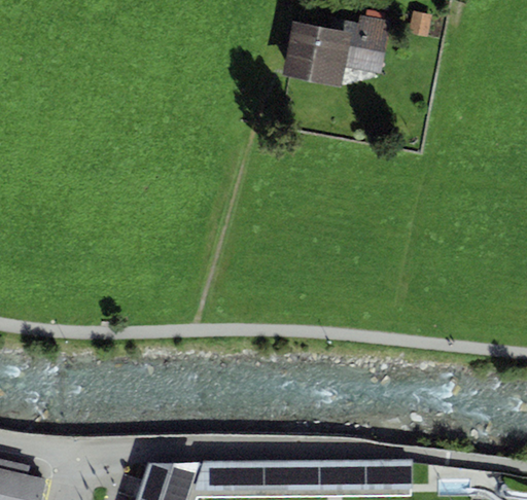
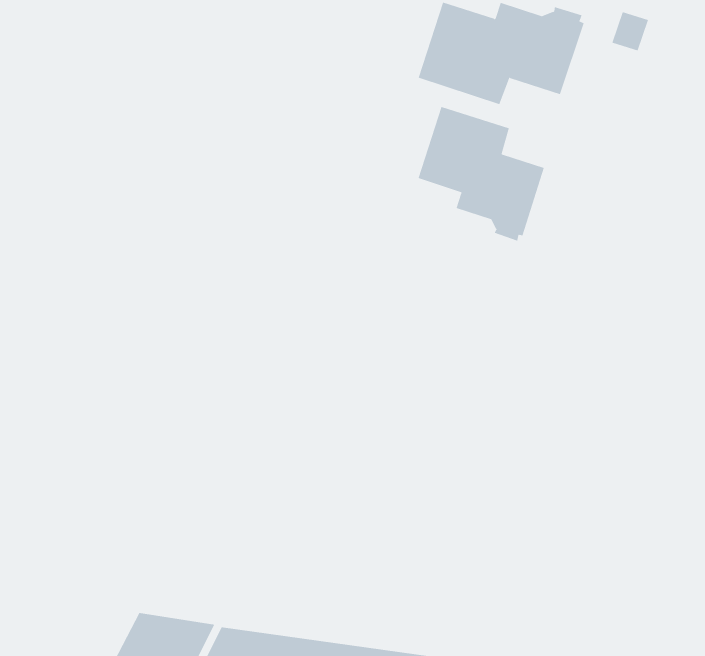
building: none -> [418,106,544,241]

